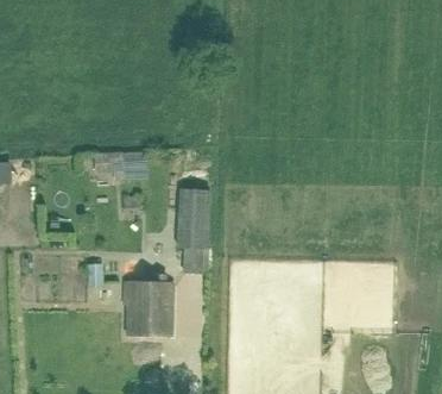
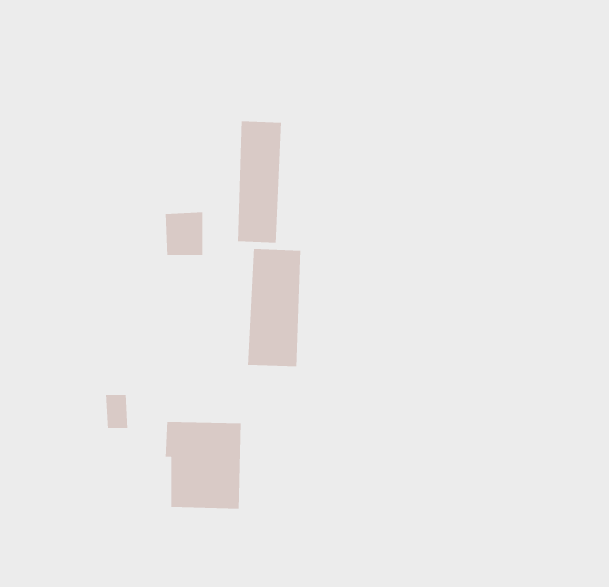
building: none -> [237,121,282,243]

